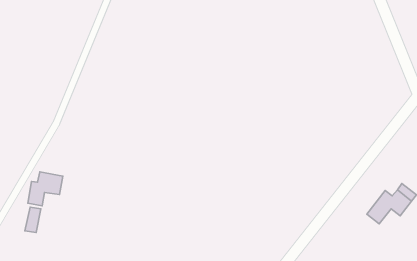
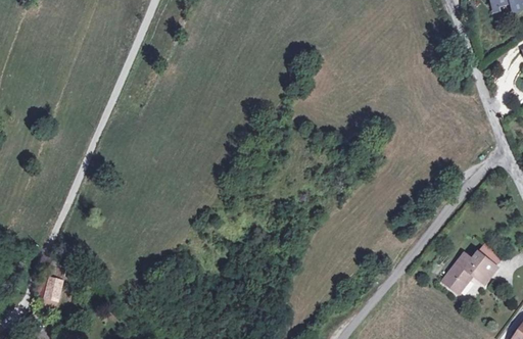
building: [28,172,63,206] -> none

